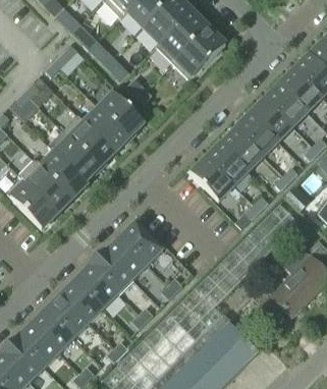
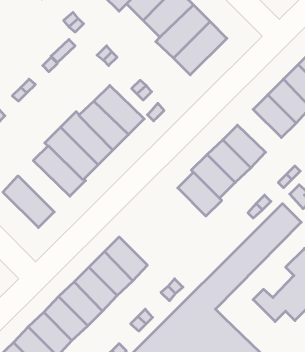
building: [235,113,278,155] -> none
building: [18,159,72,213] -> none
building: [120,222,163,265] -> [178,172,222,216]

